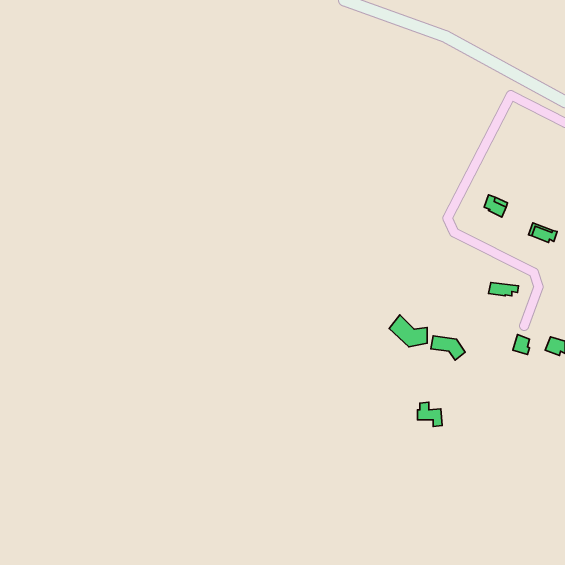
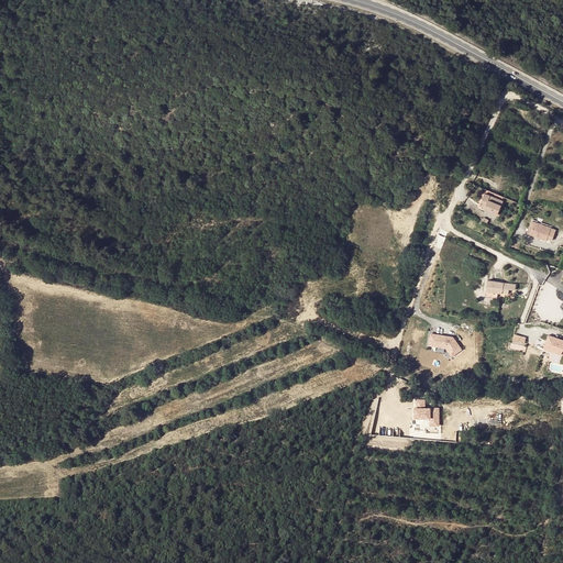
building: [389,315,427,347] -> none

